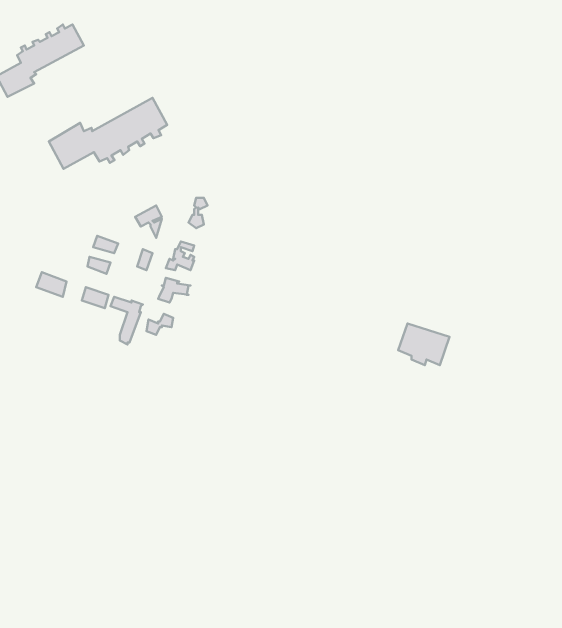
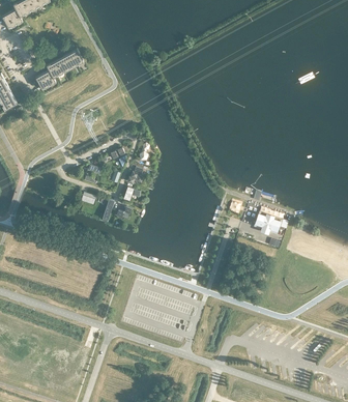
building: [49,98,167,169] -> none

